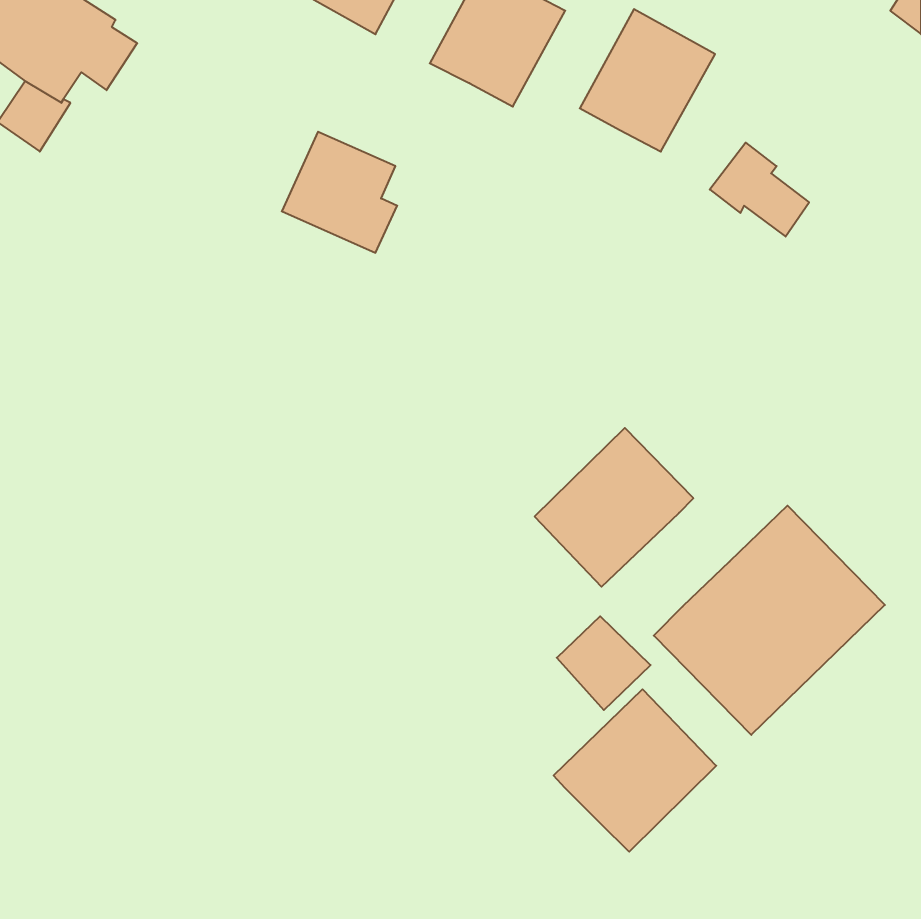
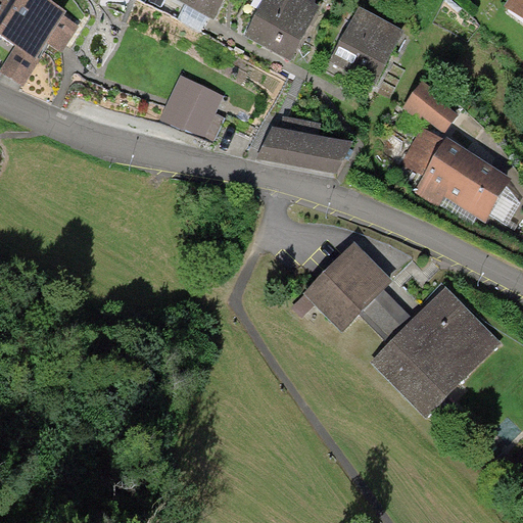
building: none -> [399,126,512,222]
building: none -> [255,127,353,174]
building: [557,616,651,710] -> [360,290,413,343]
building: [554,689,716,852] -> none

